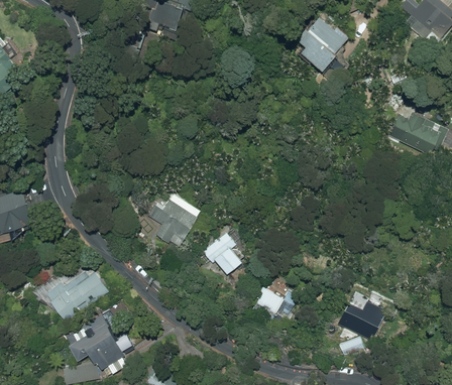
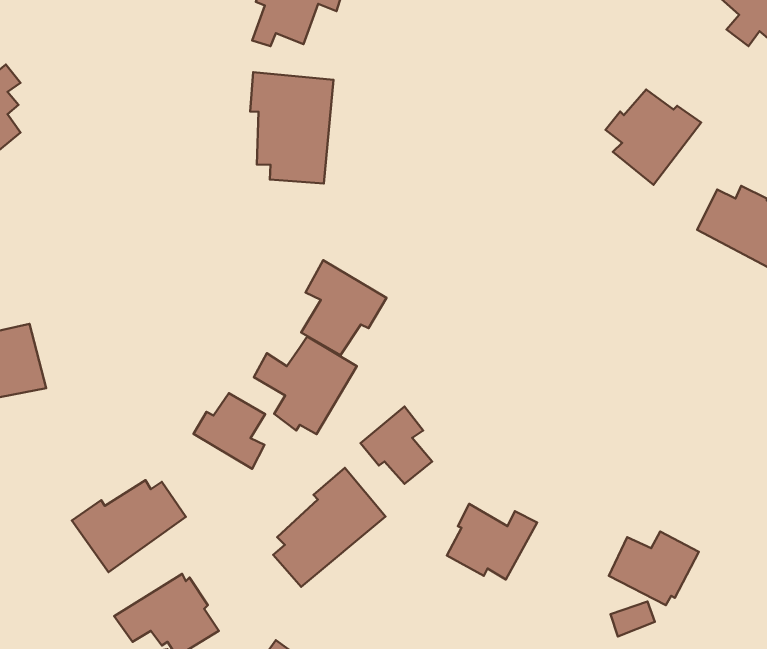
building: [296,15,348,68] -> [606,89,701,185]
building: none -> [250,72,334,184]
building: none -> [301,260,386,355]
building: none -> [193,393,265,469]
building: none -> [273,468,386,587]

